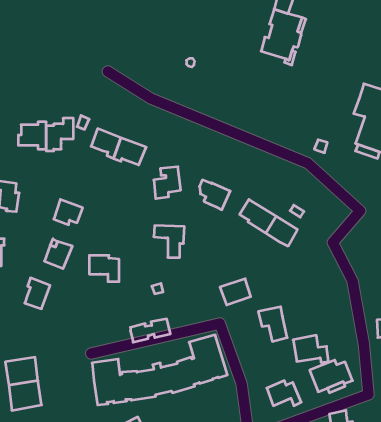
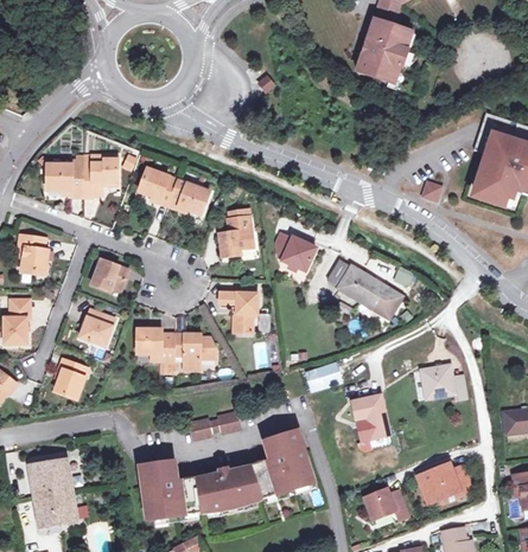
building: none -> [174,334,216,368]
building: [293,335,328,362] -> [420,364,465,398]

